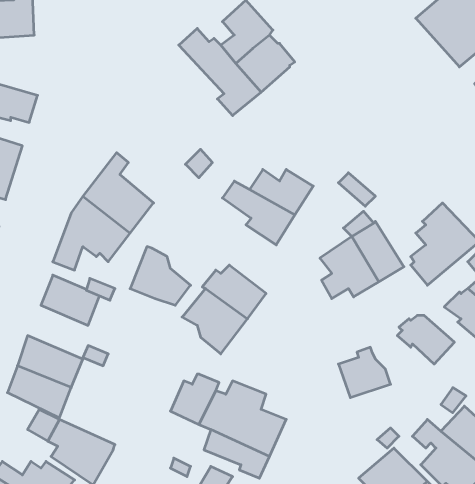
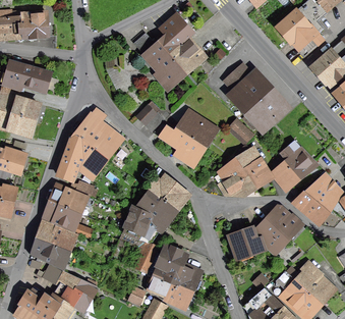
building: none -> [226,64,286,128]
building: [130,247,191,305] -> [123,207,160,243]
building: none -> [43,201,79,230]
building: none -> [251,219,289,253]

